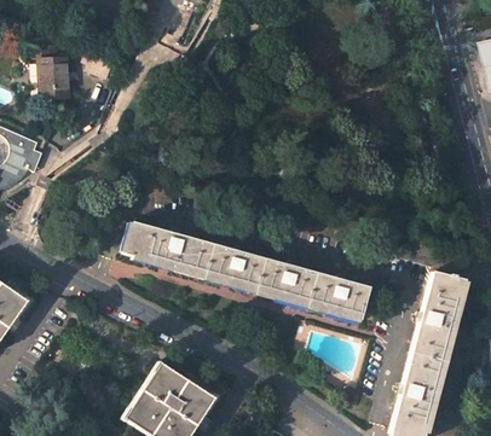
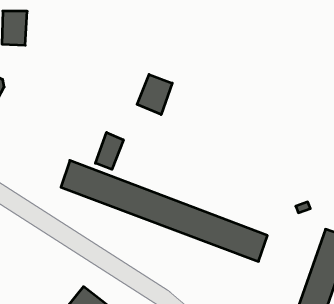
building: none -> [137,74,172,115]
building: none -> [95,132,123,169]

